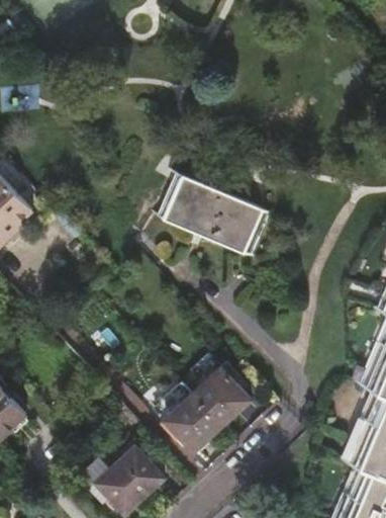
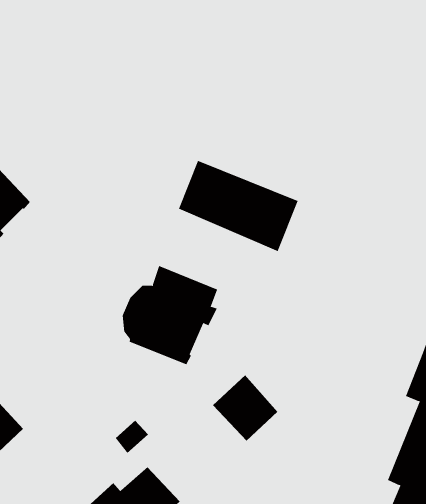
building: none -> [122,265,218,365]
building: [165,393,222,450] -> none

